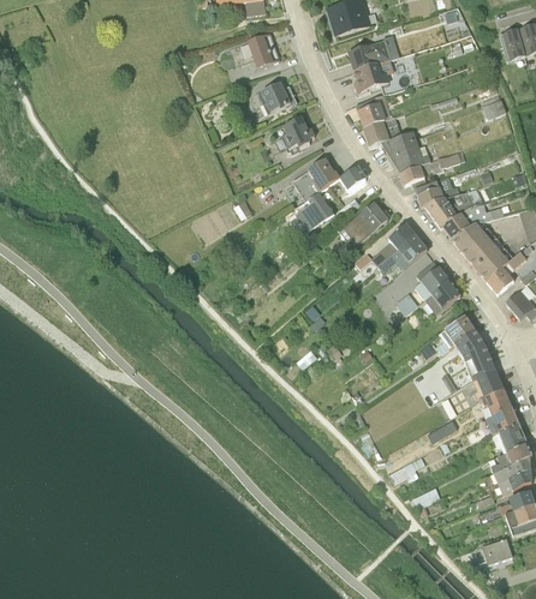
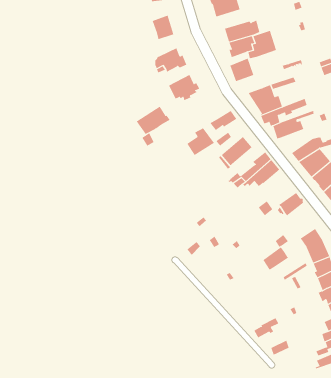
building: [362,115,400,145] -> none
building: [291,157,339,198] -> [136,106,170,135]
building: [423,187,481,227] -> none
building: [413,259,448,298] -> none
building: [437,315,475,348] -> [262,246,289,271]

